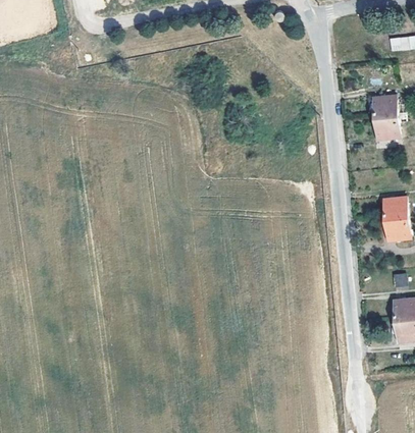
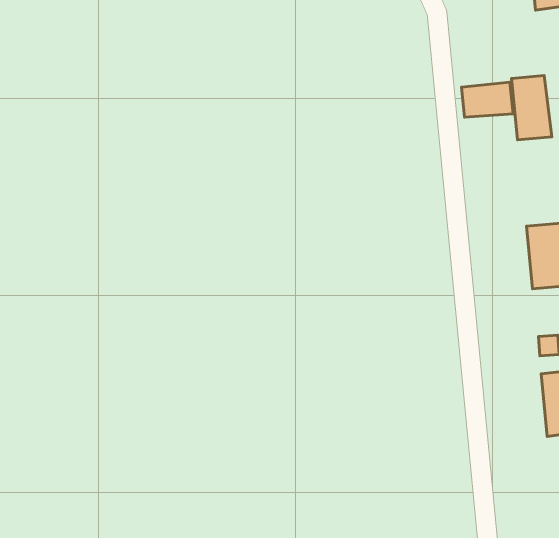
building: none -> [461,82,513,117]

